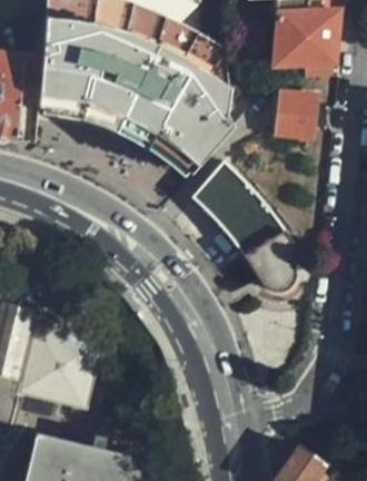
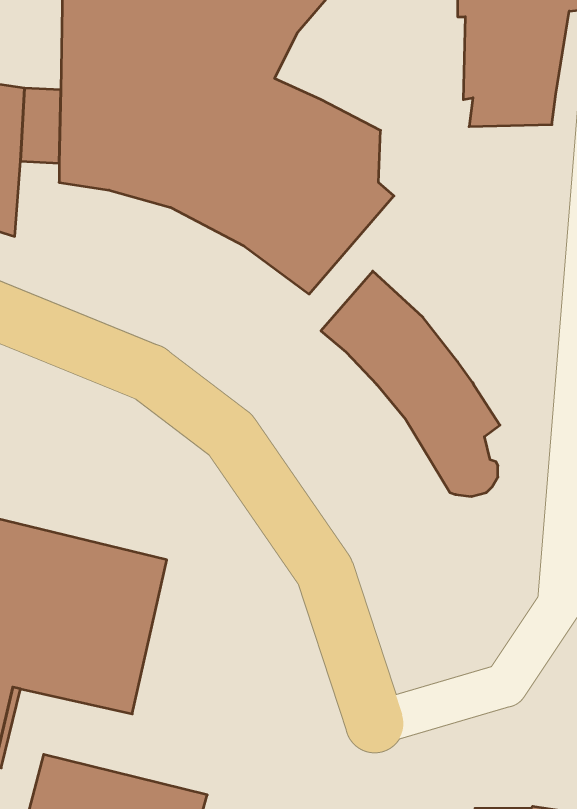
building: [168,23,229,80] -> none
building: [270,96,314,135] -> none

